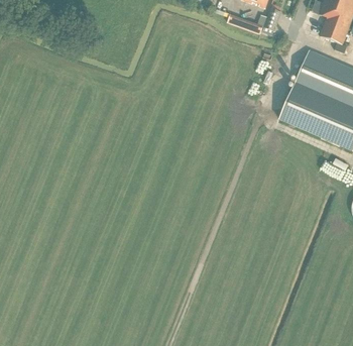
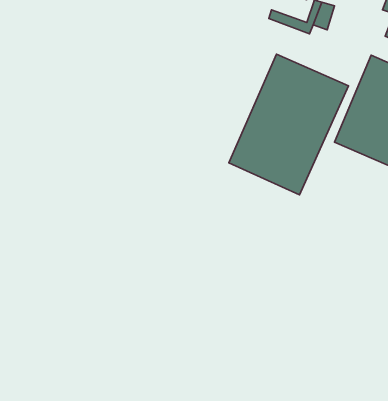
building: none -> [229,54,348,195]

